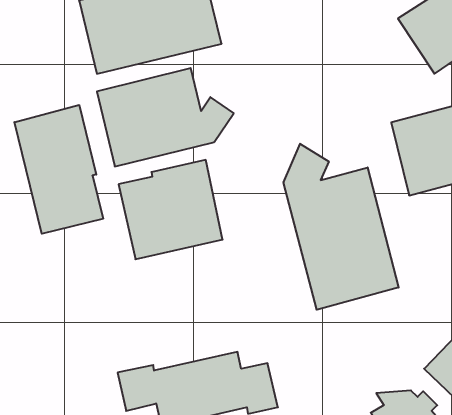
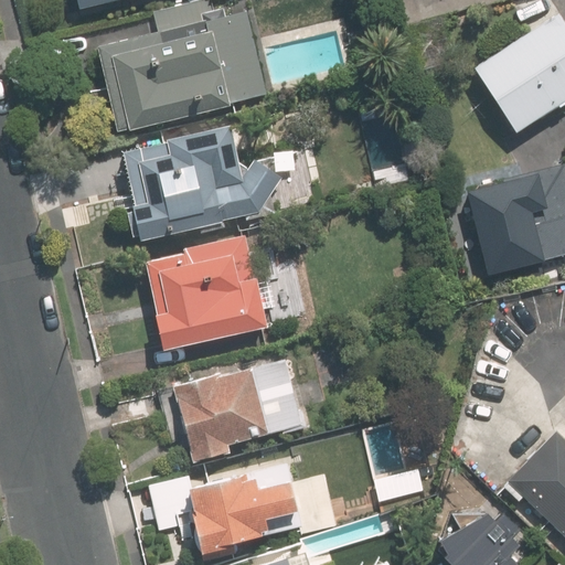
building: [14,105,103,234] -> none
building: [284,144,399,310] -> none
building: none -> [172,358,300,461]

